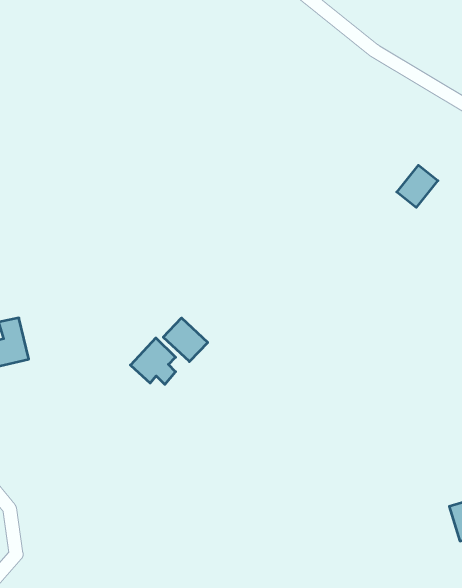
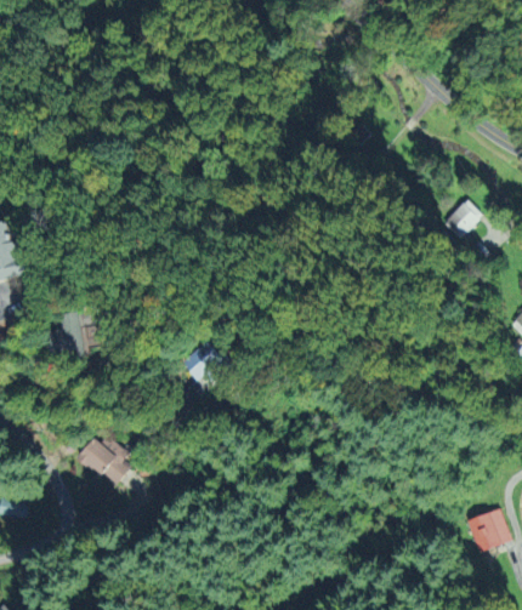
building: [163,318,208,362] -> none
building: none -> [78,435,129,486]

